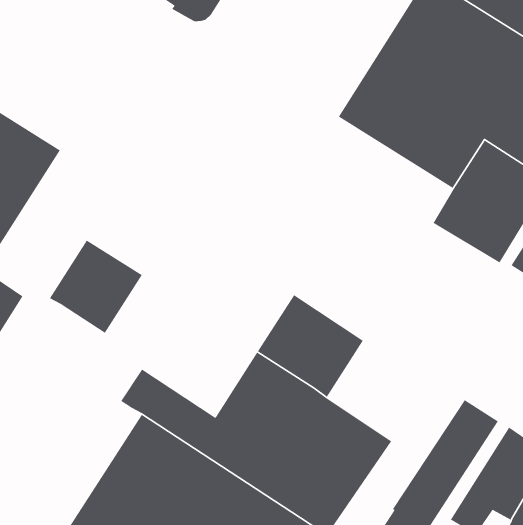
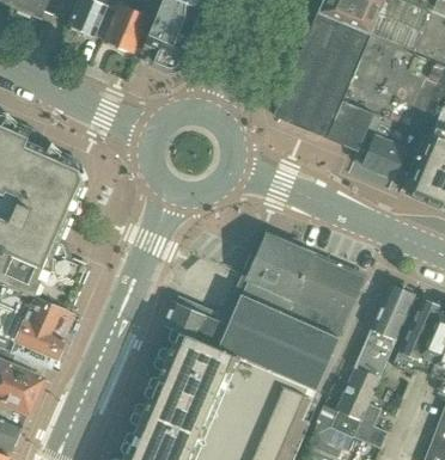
building: [49,239,143,334] -> none
building: none -> [299,258,365,321]

